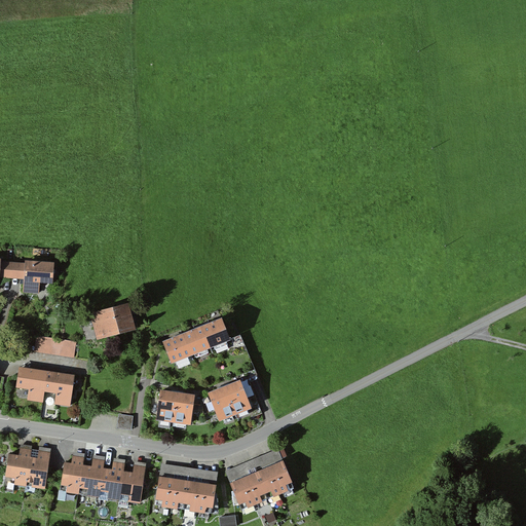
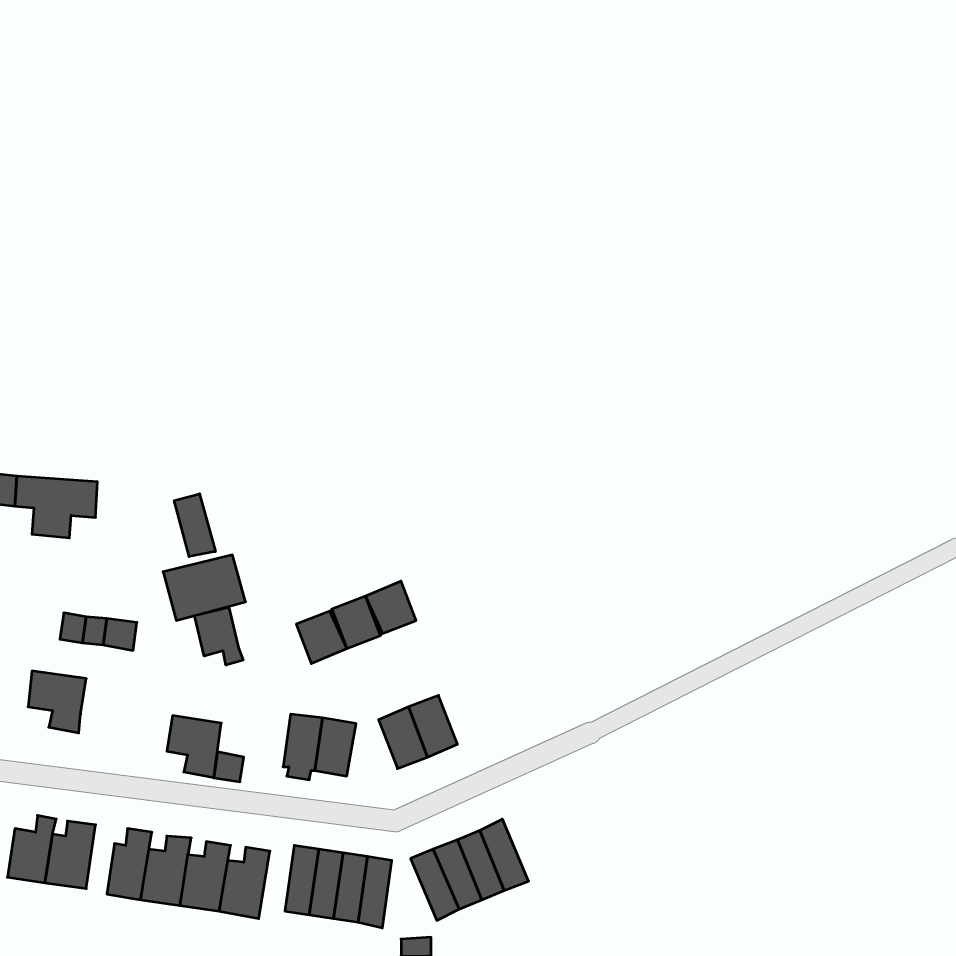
building: none -> [174,494,215,557]
building: none -> [194,607,243,665]
building: [44,372,74,406] -> [167,716,221,777]

